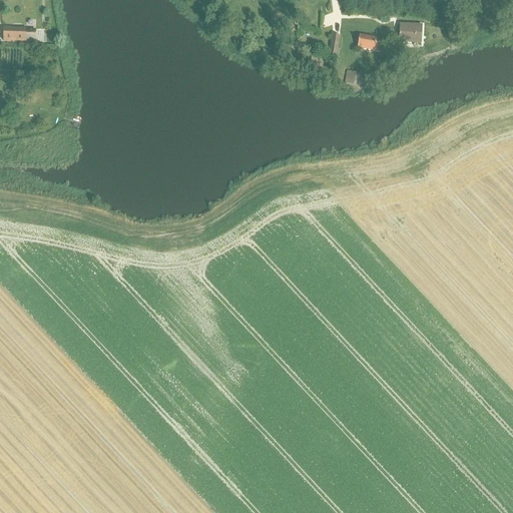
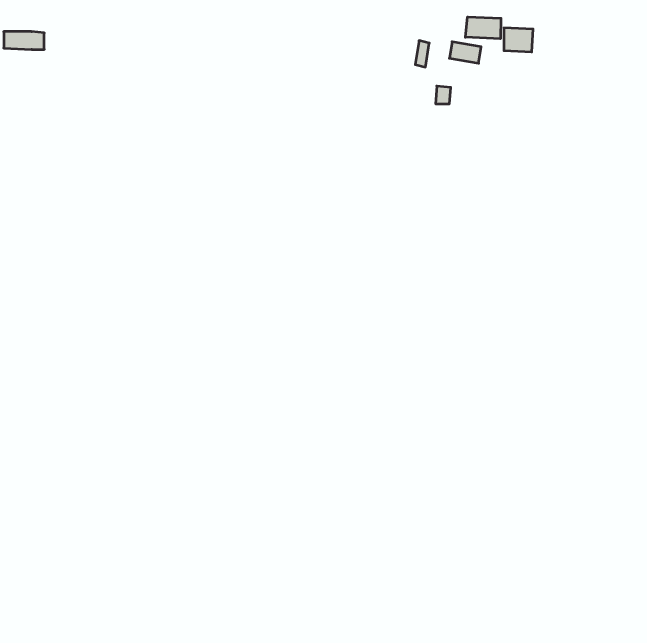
building: none -> [465,17,501,39]

